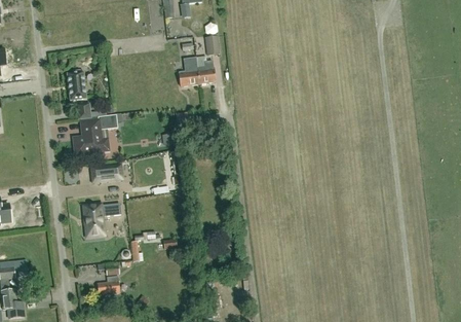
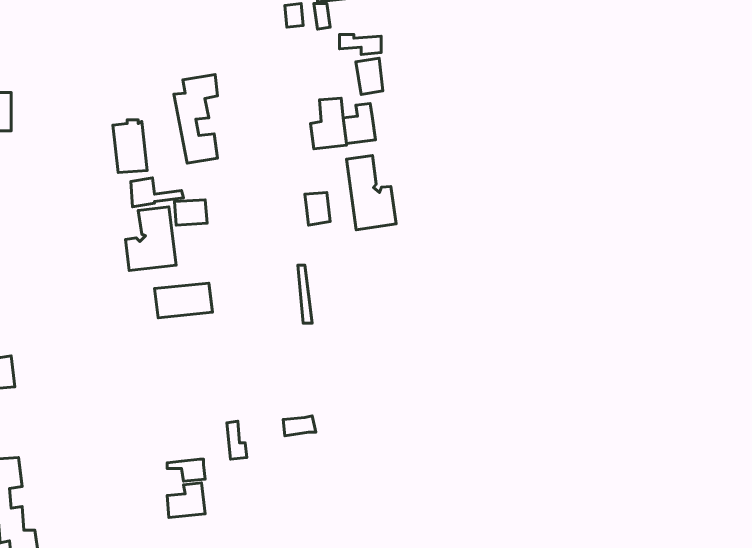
building: none -> [174,74,218,163]
building: none -> [346,155,396,230]
building: [83,203,121,236] -> none

